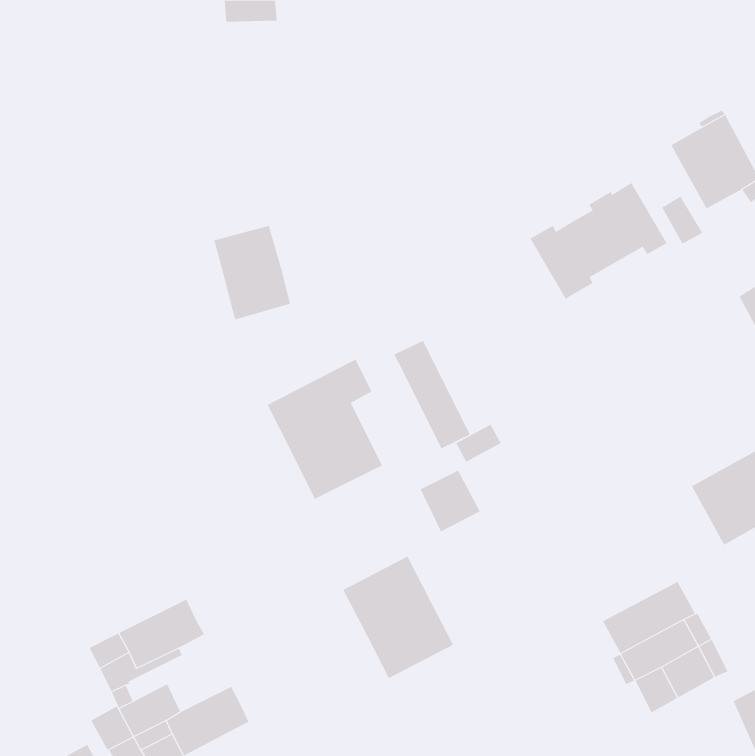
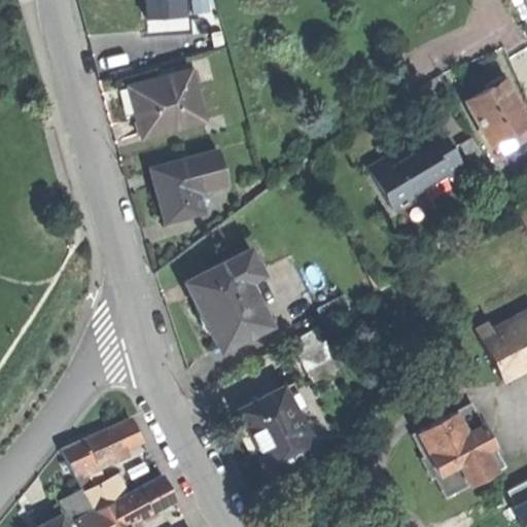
building: none -> [129,69,206,138]
building: none -> [189,150,227,187]
building: [394,340,471,449] -> none

